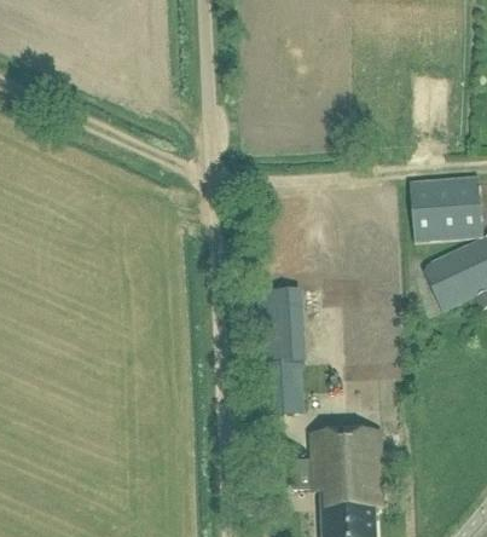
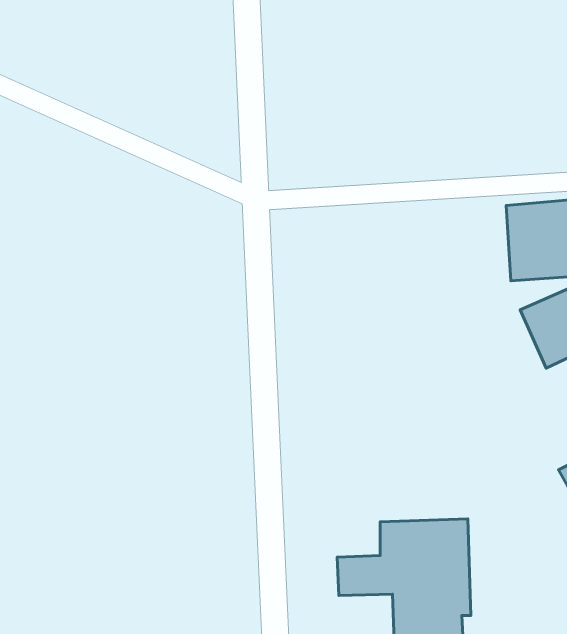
building: [255,289,305,414] -> none

